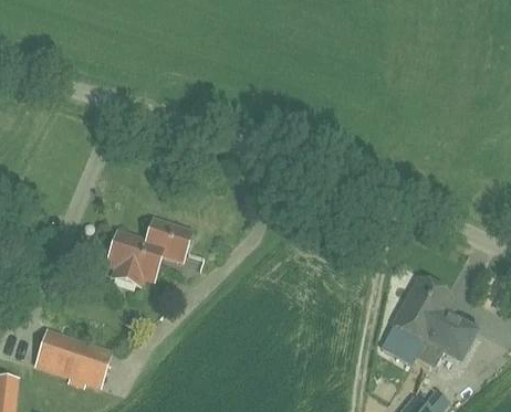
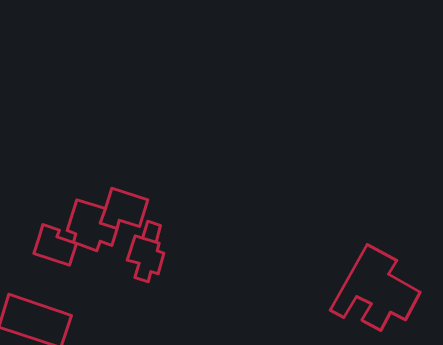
building: none -> [34,225,77,265]
building: none -> [127,236,164,282]

